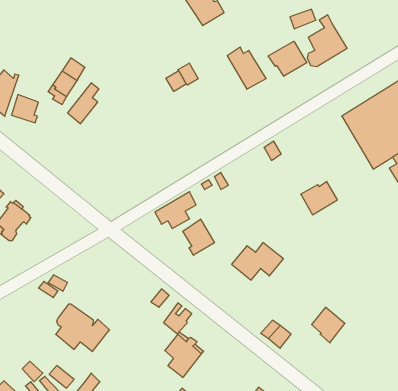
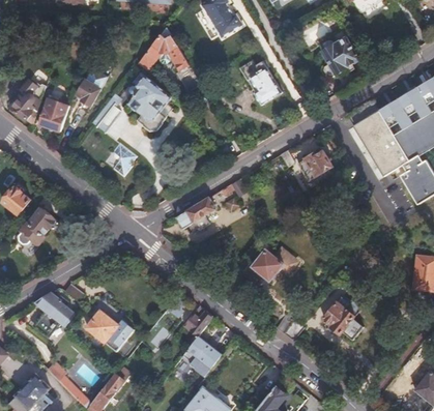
building: none -> [140,27,191,74]
building: [268,41,307,76] -> none
building: none -> [133,74,172,130]
building: none -> [112,143,136,177]
building: [301,181,337,215] -> [300,147,336,179]
building: [183,219,215,255] -> none
building: none -> [32,293,71,335]

